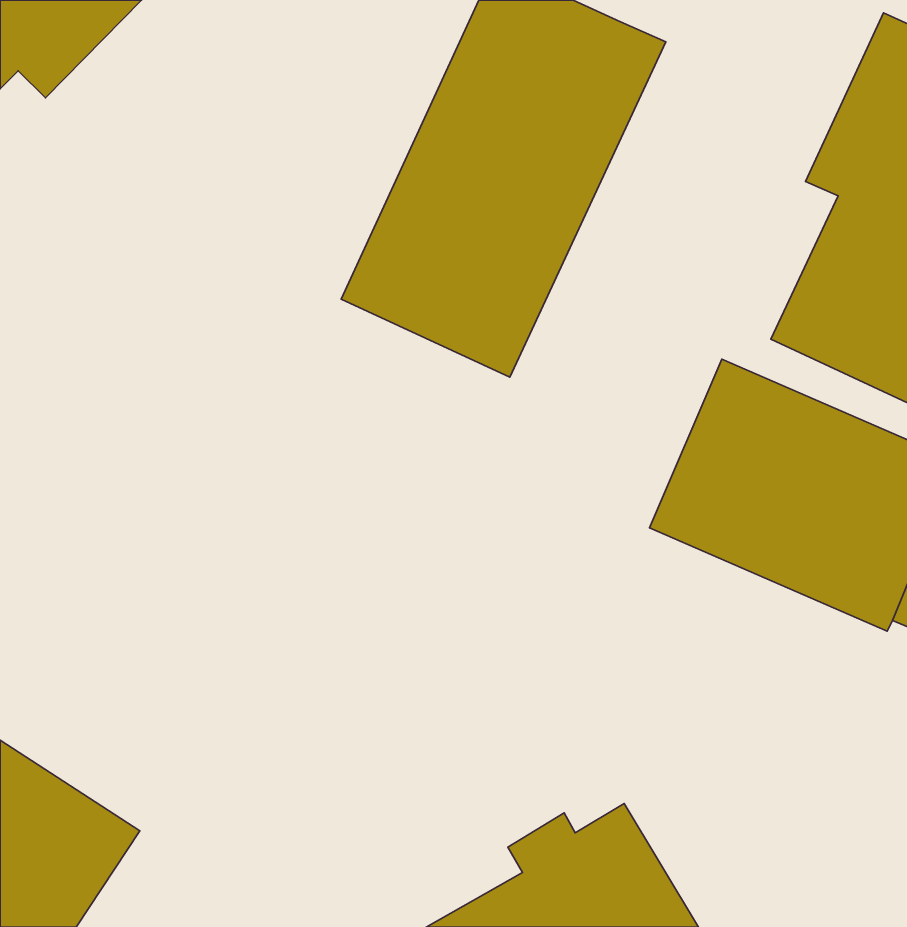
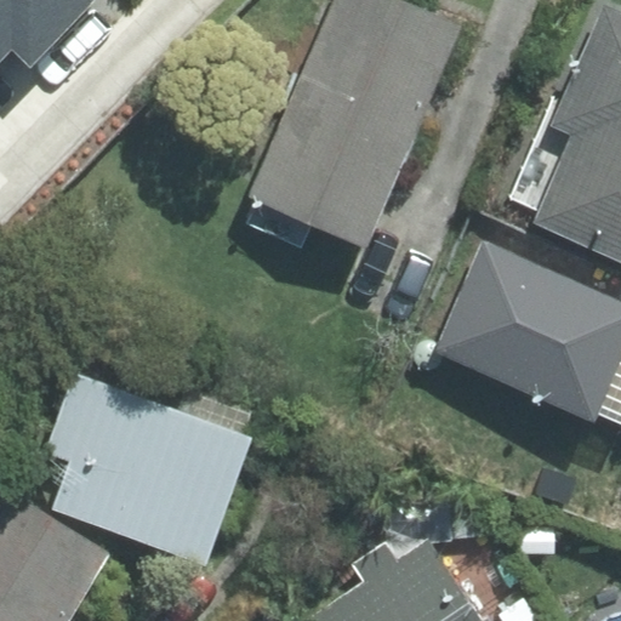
building: none -> [44,374,245,564]

